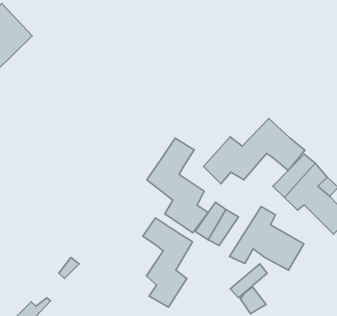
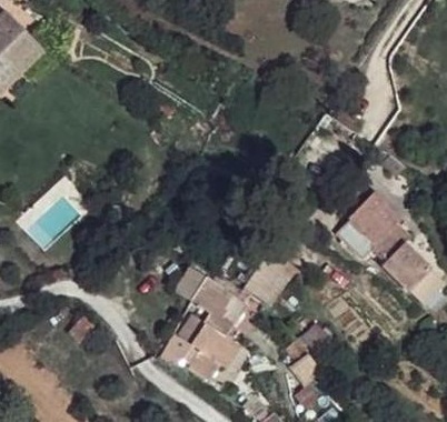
building: [204,118,305,184] -> none
building: [147,138,208,233] -> none
building: [230,206,304,270] -> none

